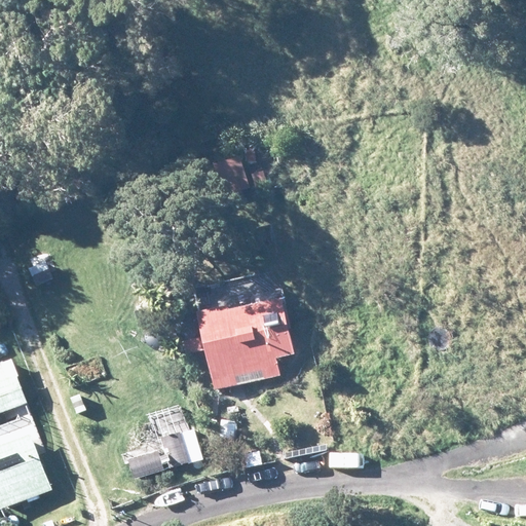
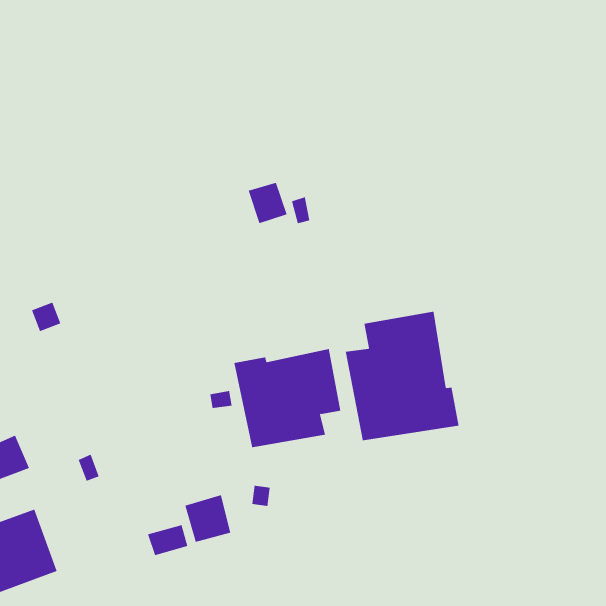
building: none -> [345,311,459,441]

